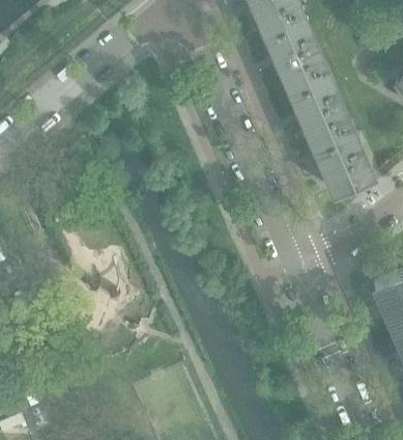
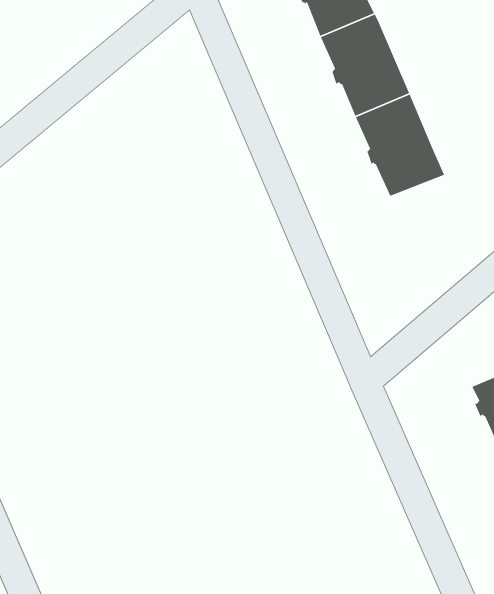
building: [314,135,371,194] -> none

